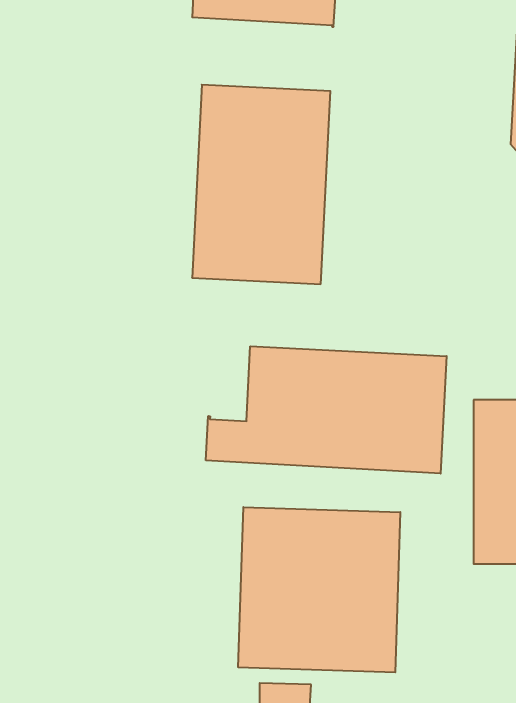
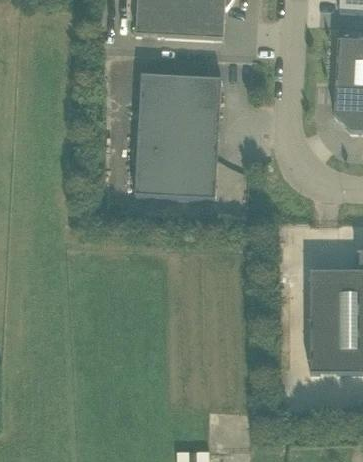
building: [206,346,447,474] -> none
building: [238,507,400,672] -> none

